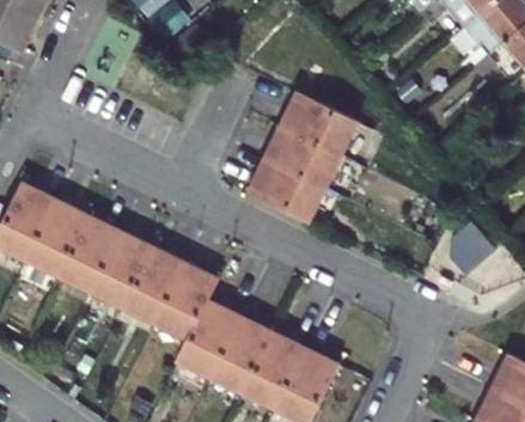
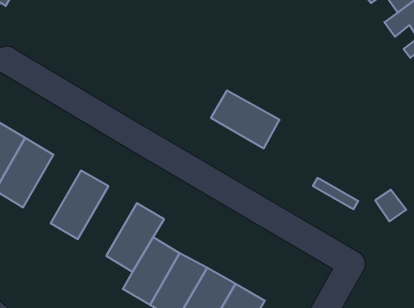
building: [276,92,356,157] -> none
building: [246,160,323,221] -> none
building: [56,215,118,293] -> none
building: [121,246,184,325] -> none

